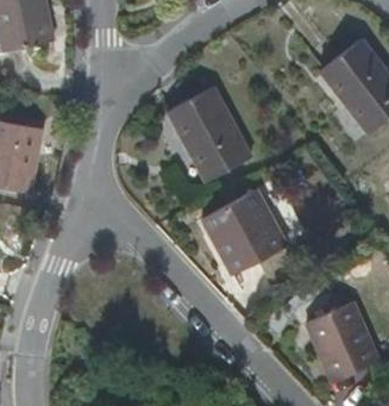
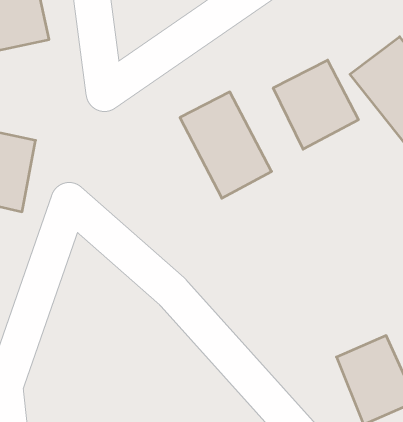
building: none -> [273,60,358,149]
building: [202,189,287,275] -> none

